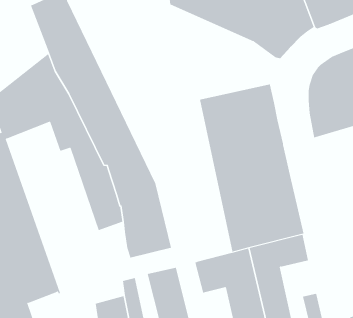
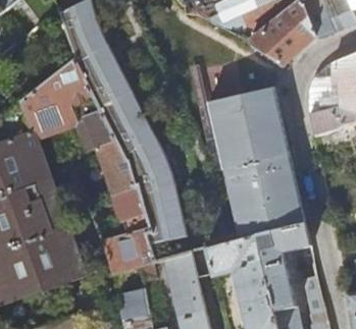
building: none -> [102,221,154,272]

